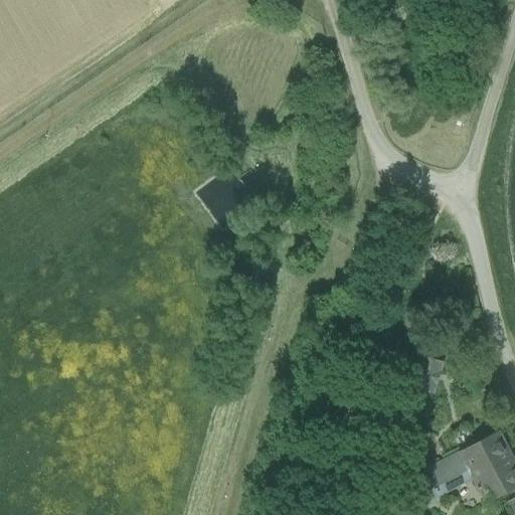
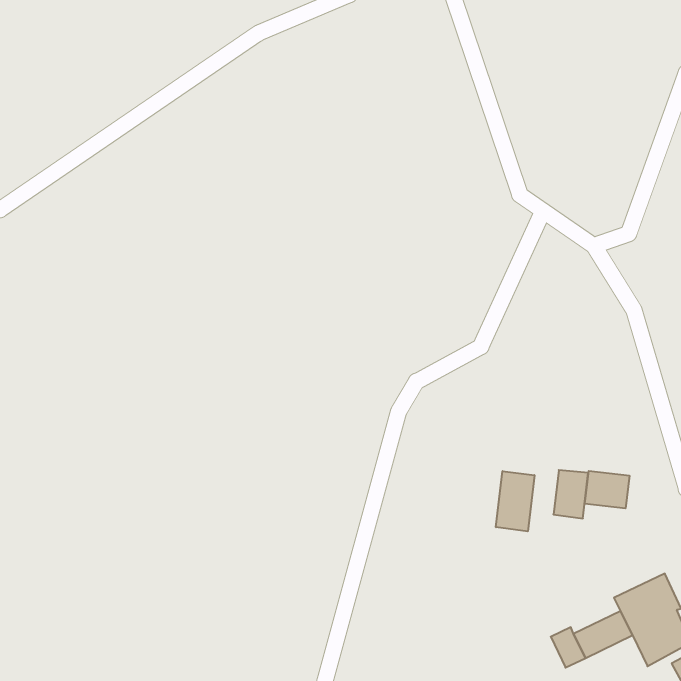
building: none -> [585,471,629,508]
building: none -> [496,471,534,531]

